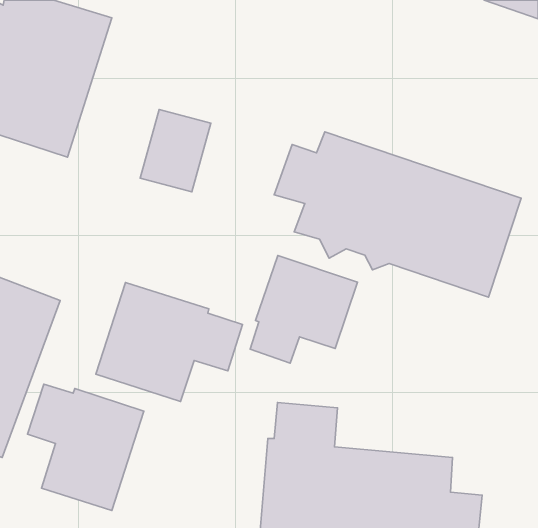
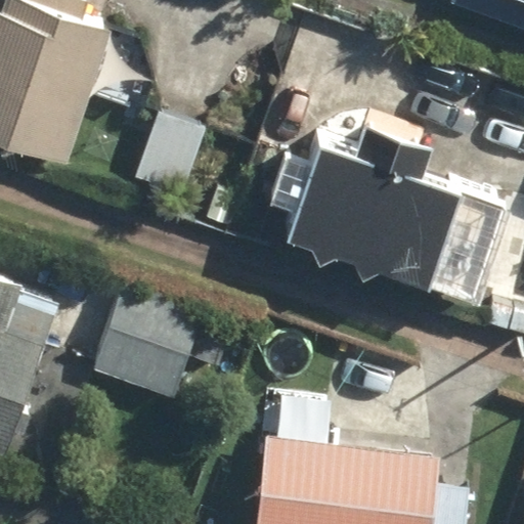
building: [250,255,358,363] -> none
building: [28,384,144,510] -> none

